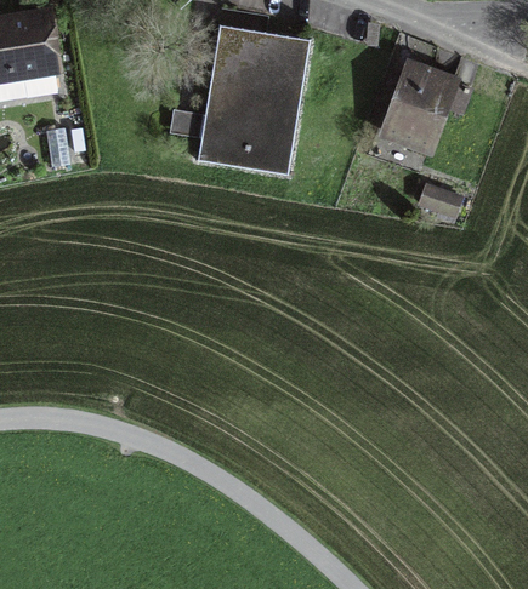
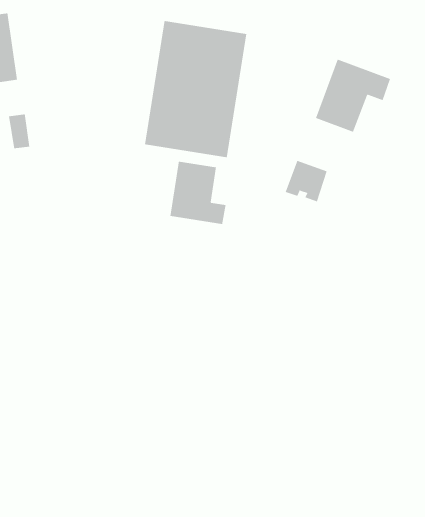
building: [416,175,464,221] -> [285,160,327,202]
building: none -> [170,161,226,225]

